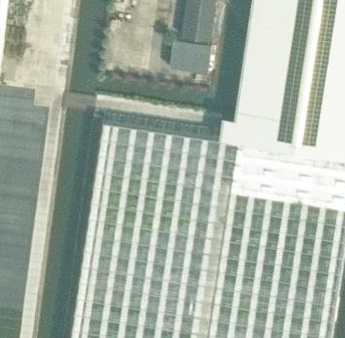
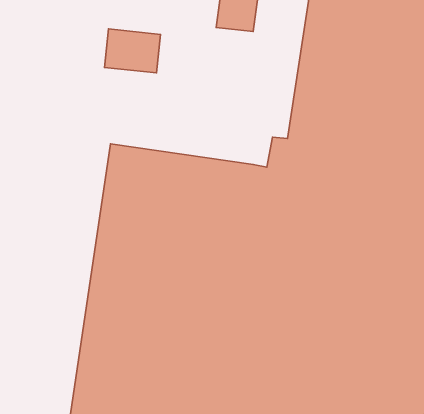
building: [169,44,211,76] -> [104,29,161,73]

